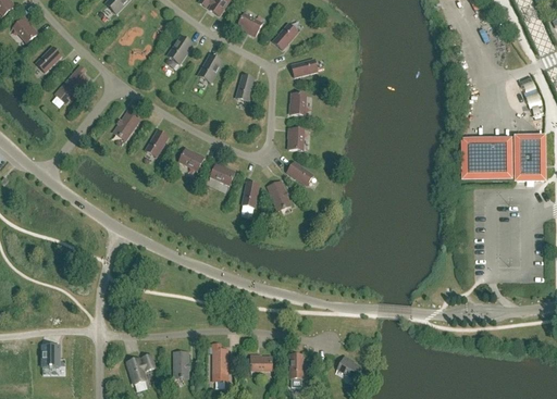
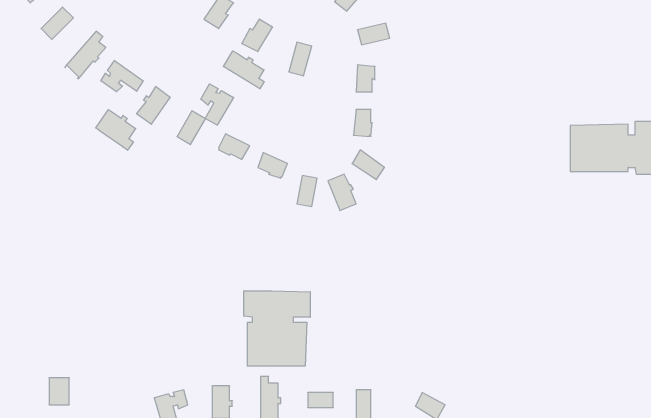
building: none -> [223,51,264,89]
building: none -> [101,60,143,92]
building: none -> [201,84,234,125]
building: none -> [96,110,136,150]
building: none -> [244,291,310,366]

